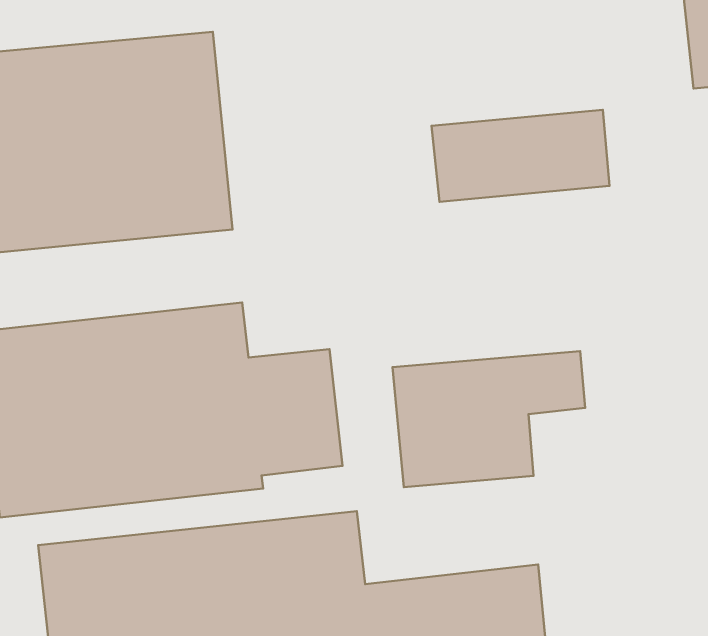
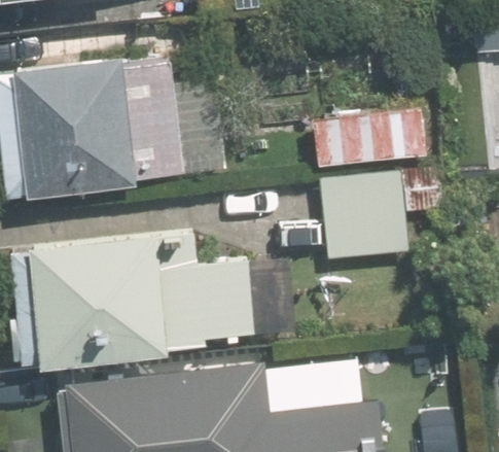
building: [393,351,585,487] -> [320,171,442,257]

